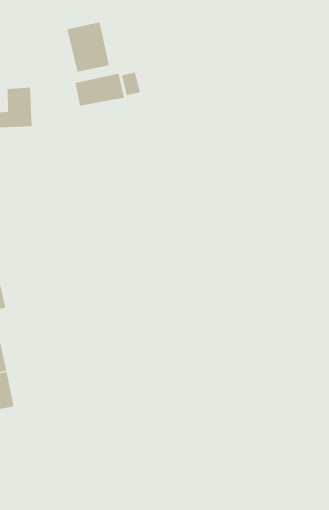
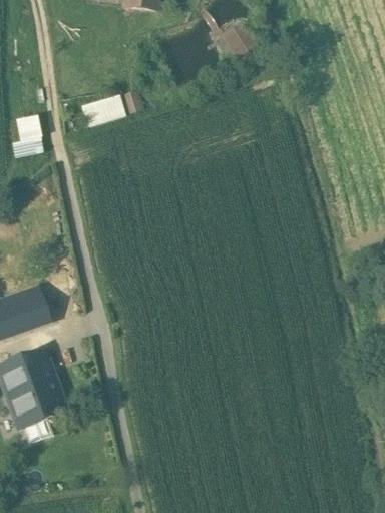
building: none -> [221,19,260,57]
building: [67,22,110,72] -> none

